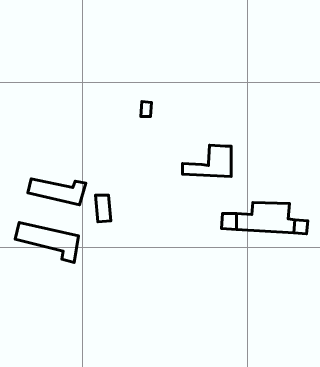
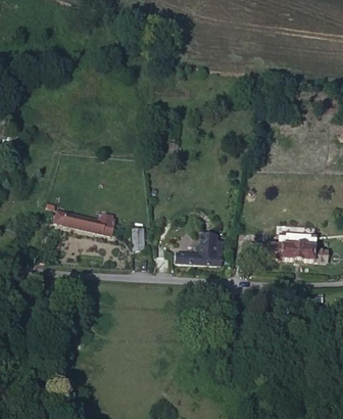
building: [183,145,231,176] -> [176,235,222,265]
building: [15,222,78,262] -> none

